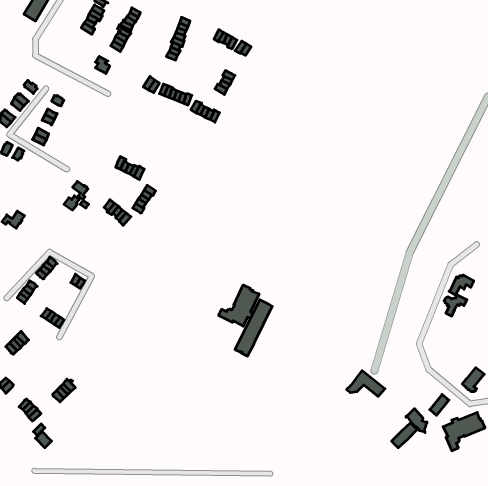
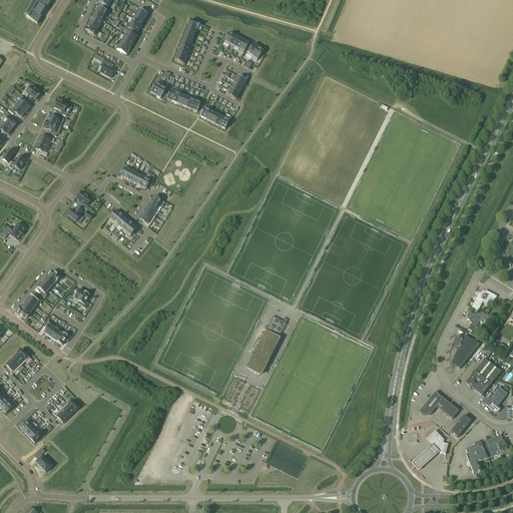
building: [219,285,259,326] -> none
building: none -> [450,335,479,367]
building: none -> [466,358,501,395]
building: [347,371,385,396] -> [419,391,459,418]

